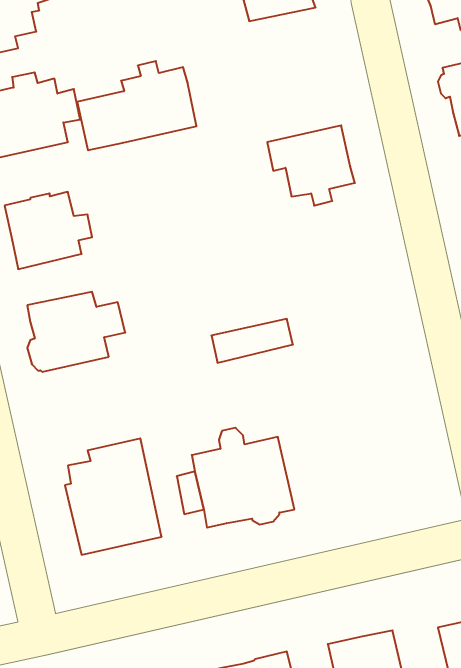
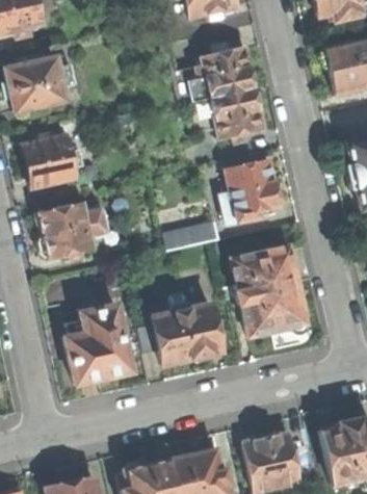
building: [77,61,197,150] -> [172,43,254,104]
building: none -> [220,158,281,223]
building: none -> [232,244,310,346]

